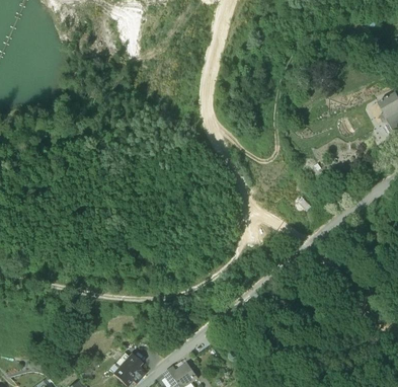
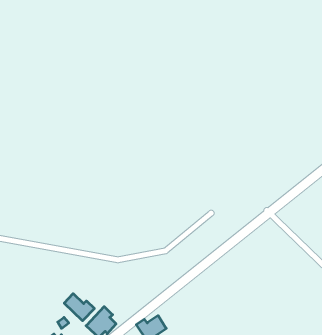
building: none -> [64,294,94,321]

